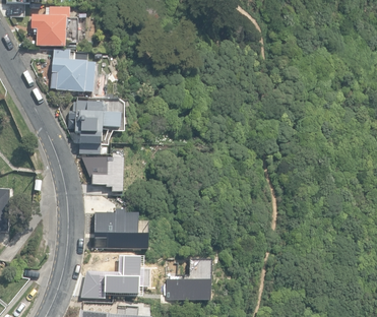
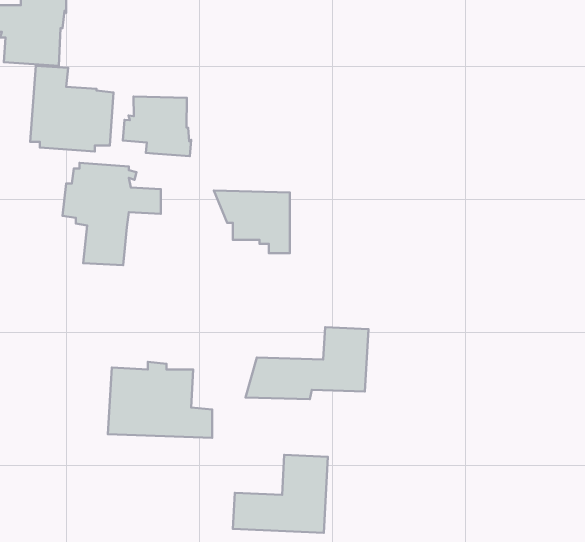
building: none -> [123,97,191,156]
building: [81,156,122,190] -> [214,191,290,253]
building: [78,253,144,292] -> [245,327,369,399]

